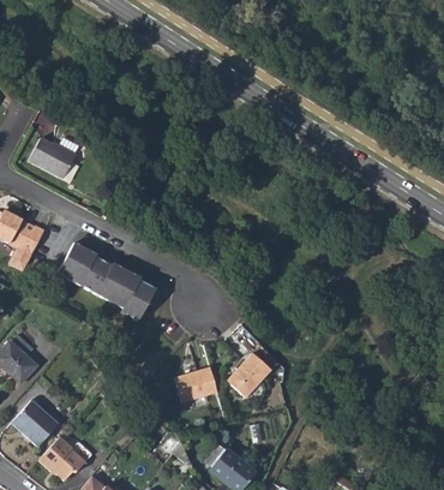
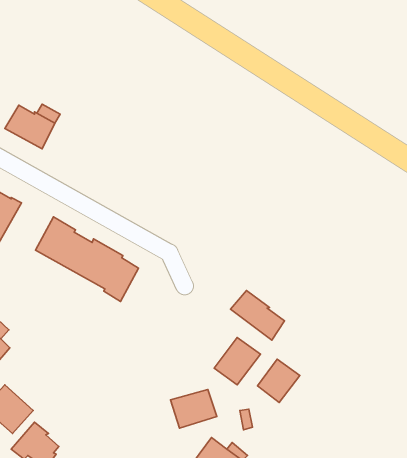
building: none -> [231,291,285,340]
building: [174,365,217,401] -> [170,390,217,428]
building: none -> [257,359,300,402]

